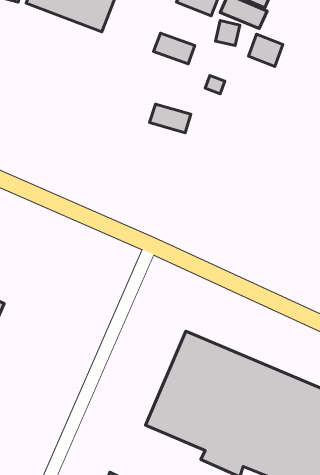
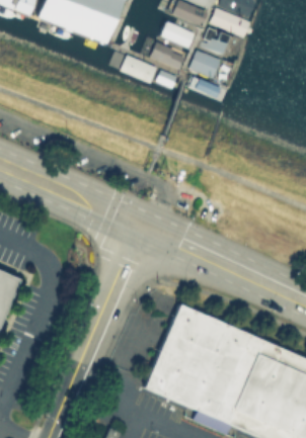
building: none -> [162,23,197,48]
building: [248,34,283,66] -> [192,51,222,79]
building: [150,104,191,133] -> [123,58,159,83]

